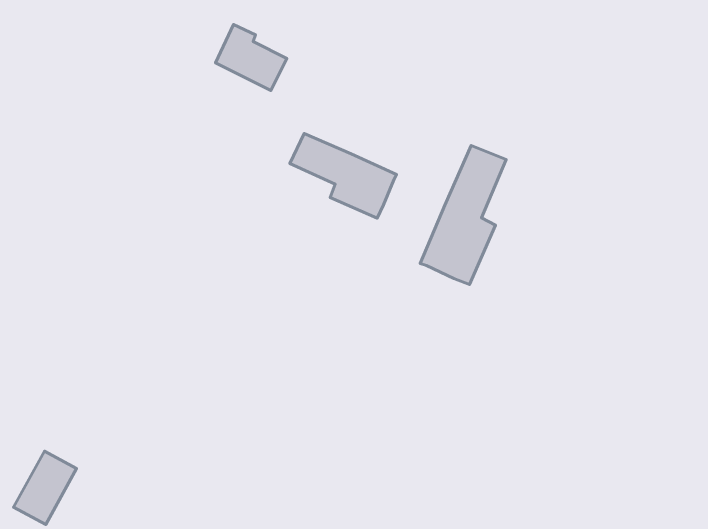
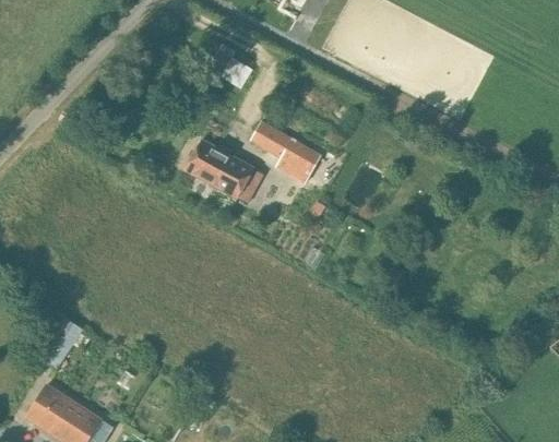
building: [420,145,506,285] -> none
building: none -> [185,139,255,200]

